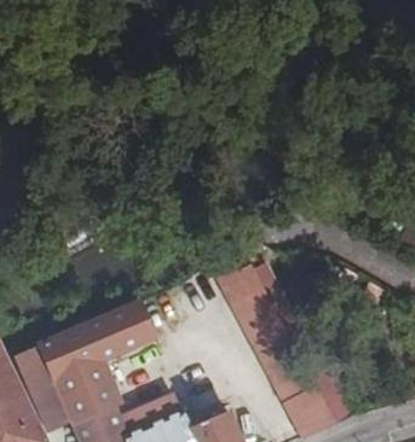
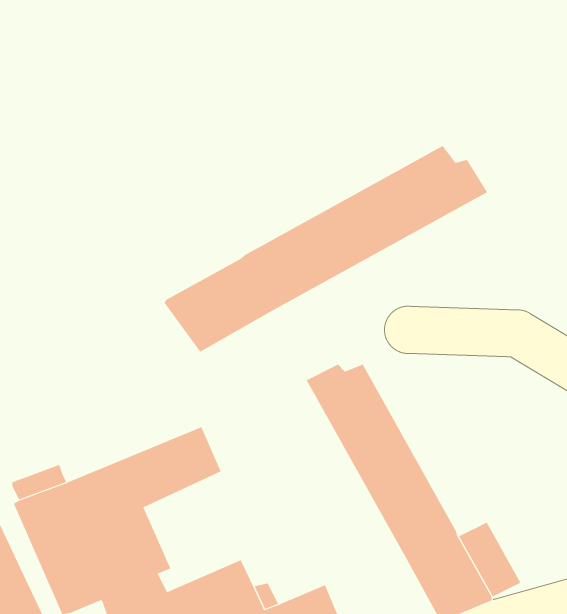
building: none -> [164,145,488,352]

